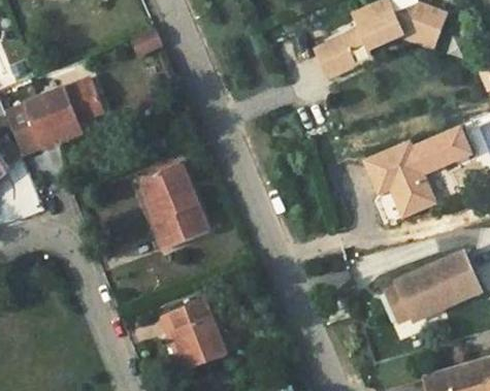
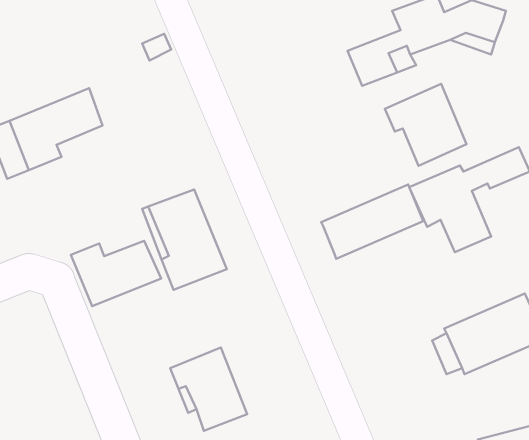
building: none -> [385,84,466,166]
building: none -> [321,185,423,259]
building: none -> [71,241,161,306]

